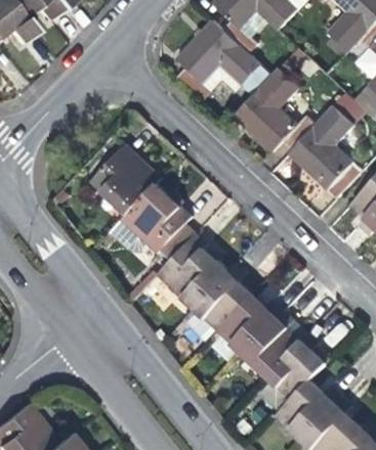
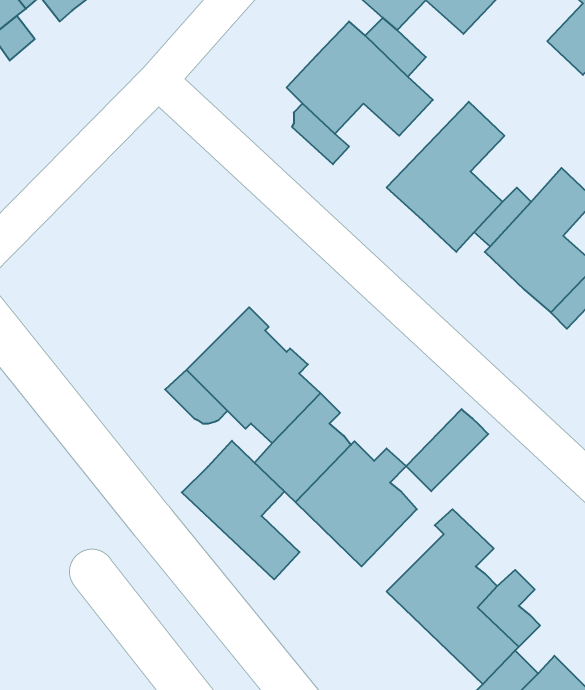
building: [89,142,160,214] -> none
building: none -> [182,441,300,579]
building: [219,300,266,347] -> [406,409,488,491]

